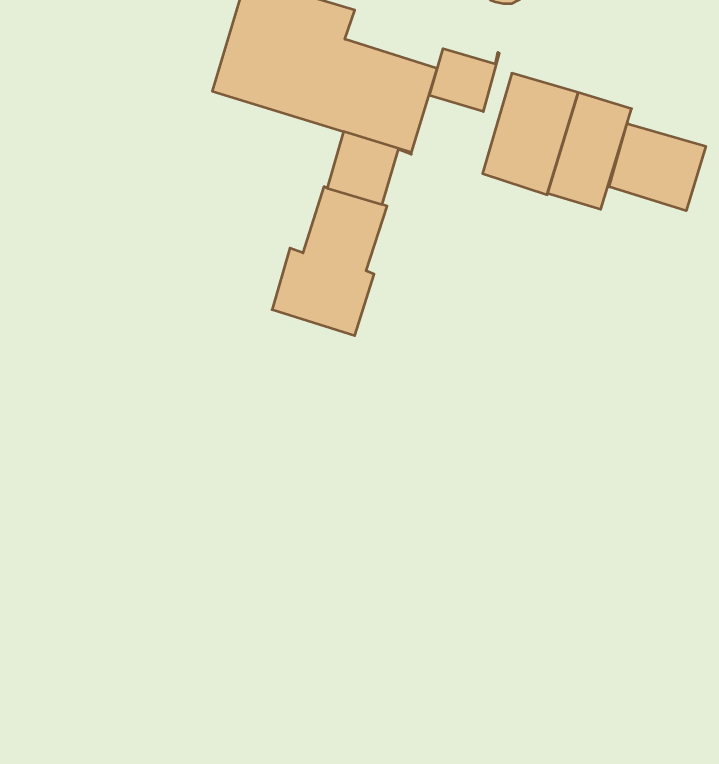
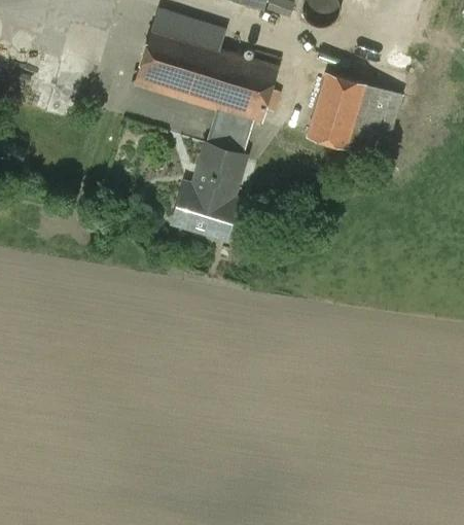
building: [429,49,499,112] -> none
building: [609,123,706,211] -> none

